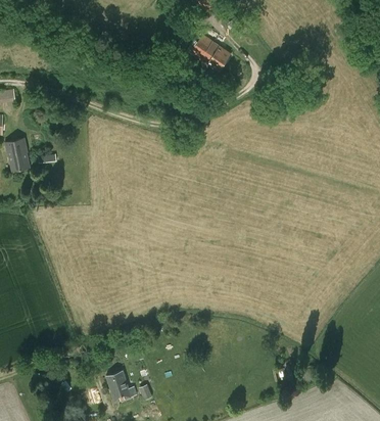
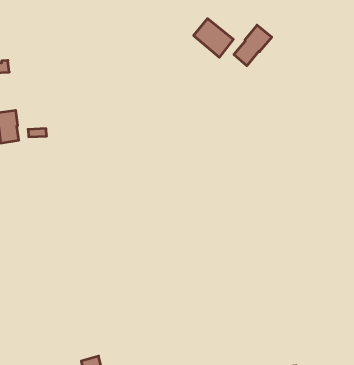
building: none -> [234,25,272,66]

